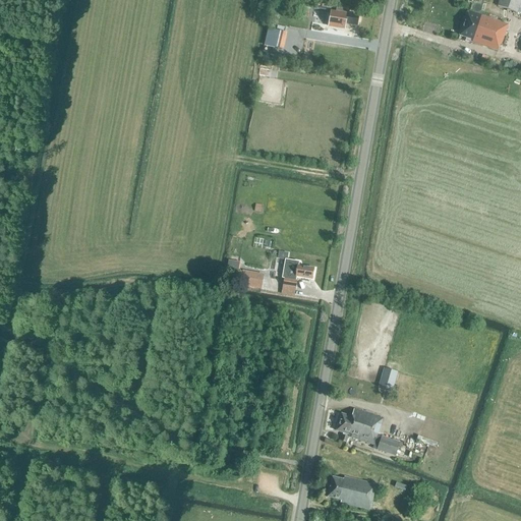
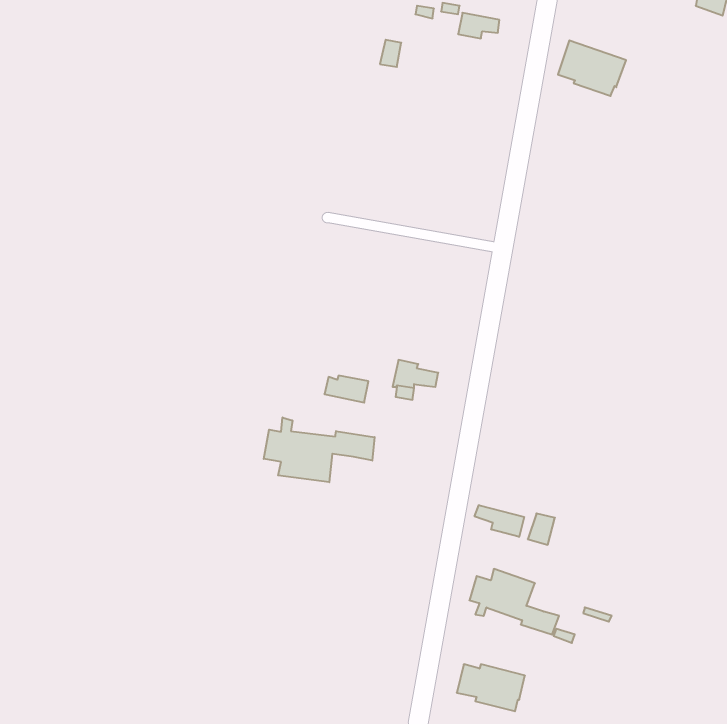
building: [459,9,508,49] -> [558,40,626,96]
building: none -> [264,417,375,482]
building: none -> [475,505,524,537]

